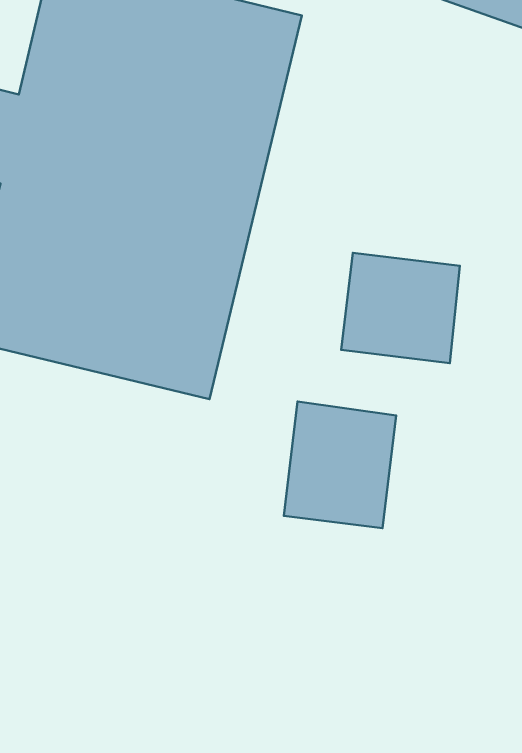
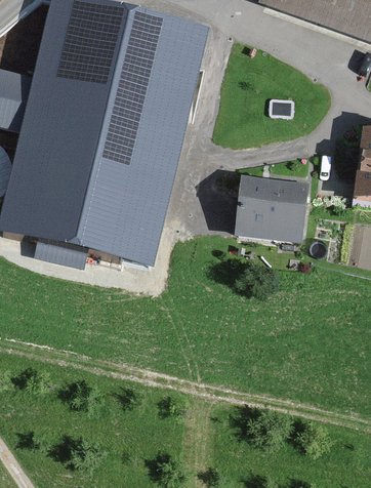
building: [284,401,396,528] -> none

